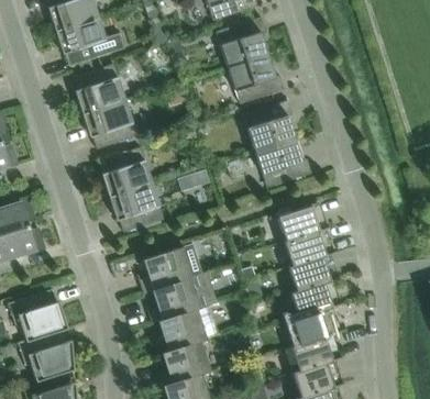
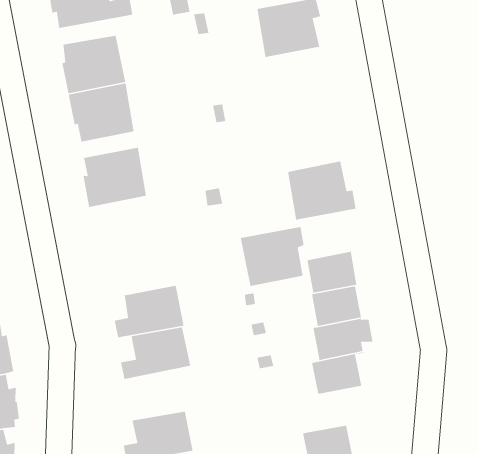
building: [228,55,285,104] -> none
building: [243,101,295,152] -> [240,226,305,287]
building: [109,184,164,233] -> none
building: [154,307,219,355] -> none
building: [291,307,333,347] -> none

